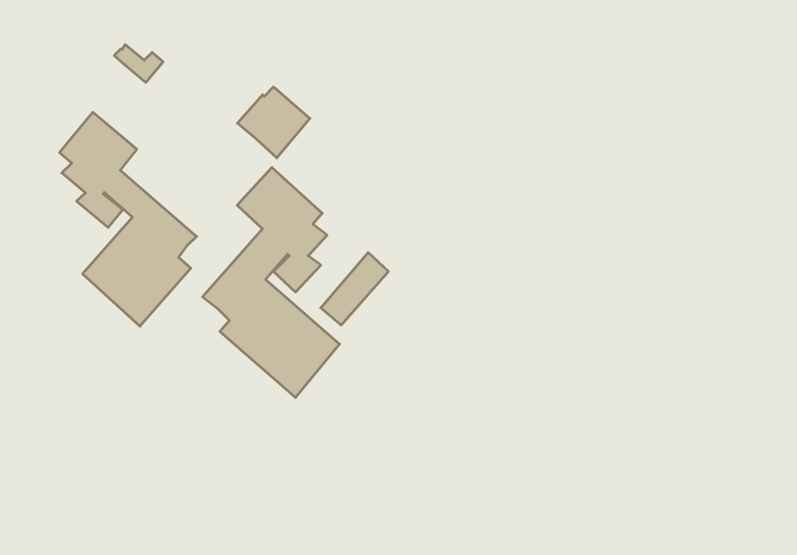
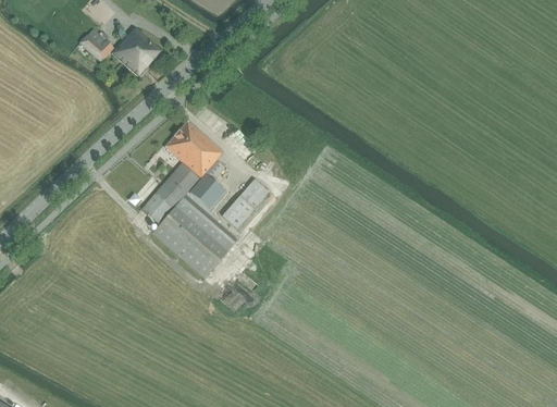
building: [237,87,310,158] -> [111,28,161,77]
building: [60,112,197,326] -> none

